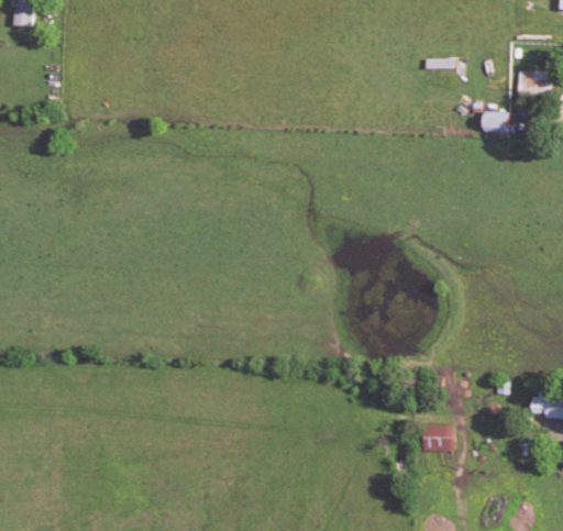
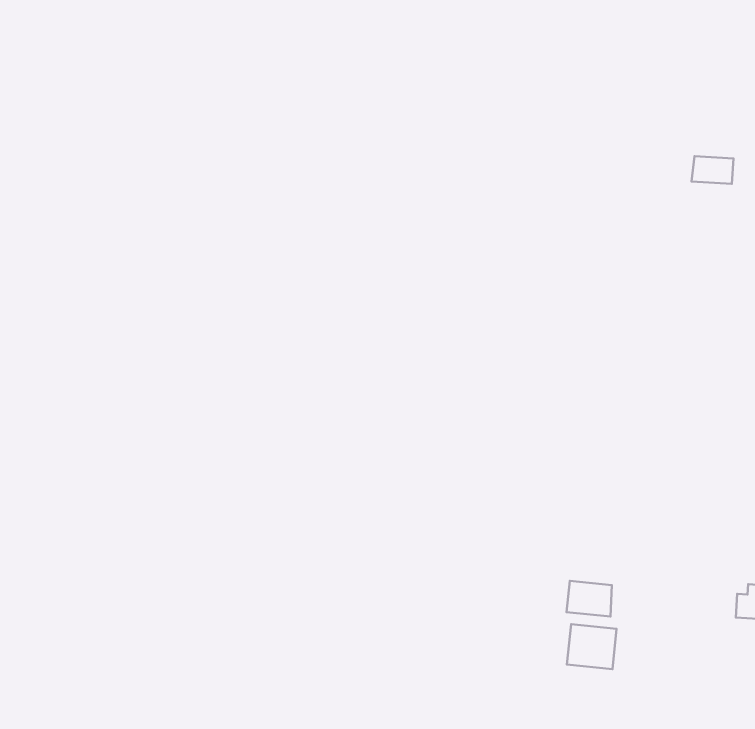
building: none -> [567,581,612,616]

